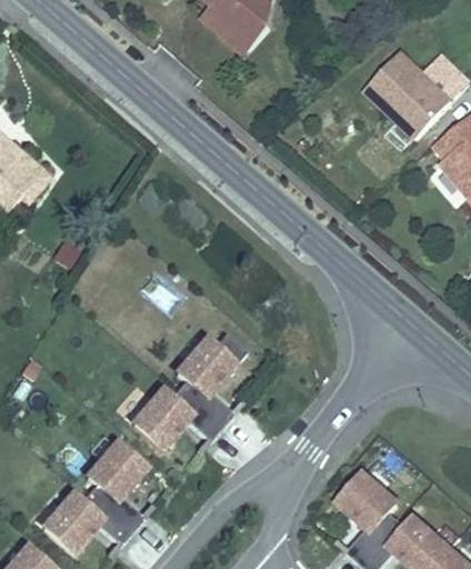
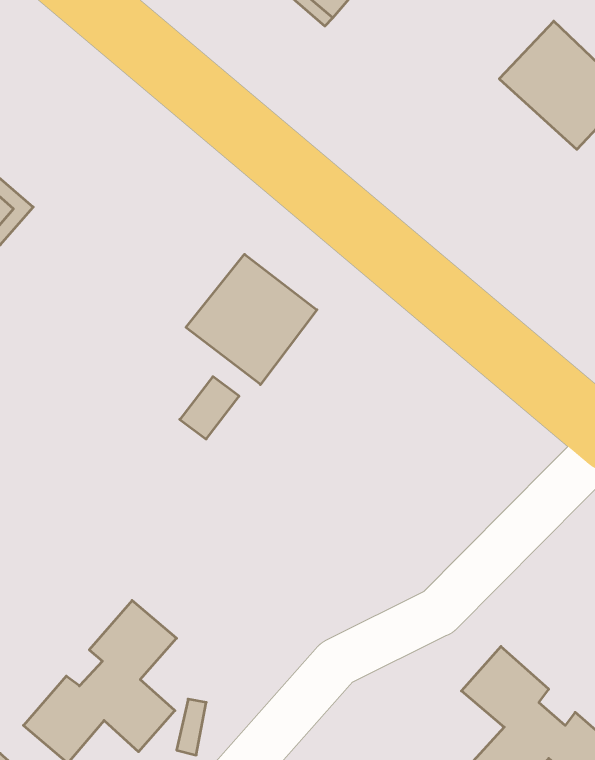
building: none -> [186,254,317,385]
building: [132,331,247,447] -> none

